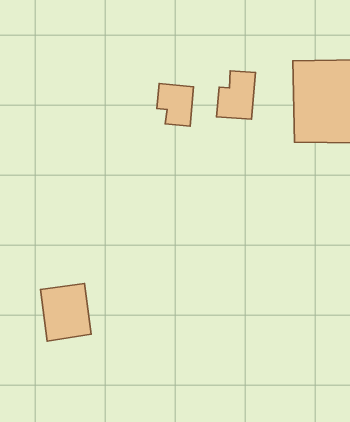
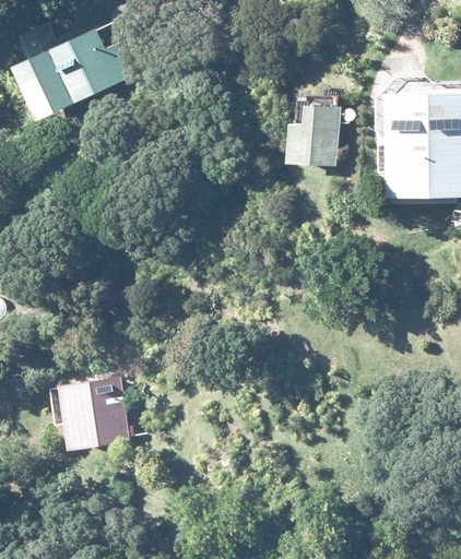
building: none -> [11,21,128,118]
building: [157,84,193,126] -> none

